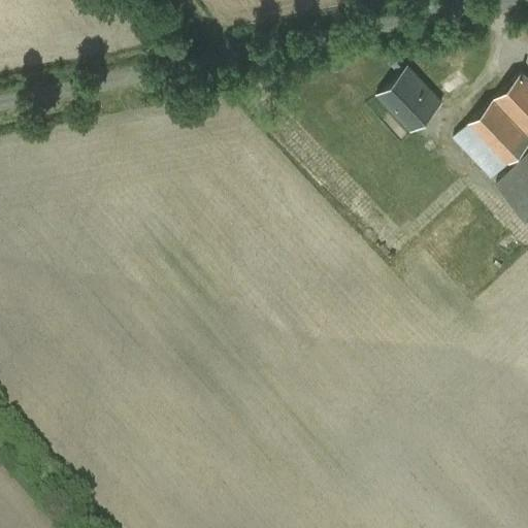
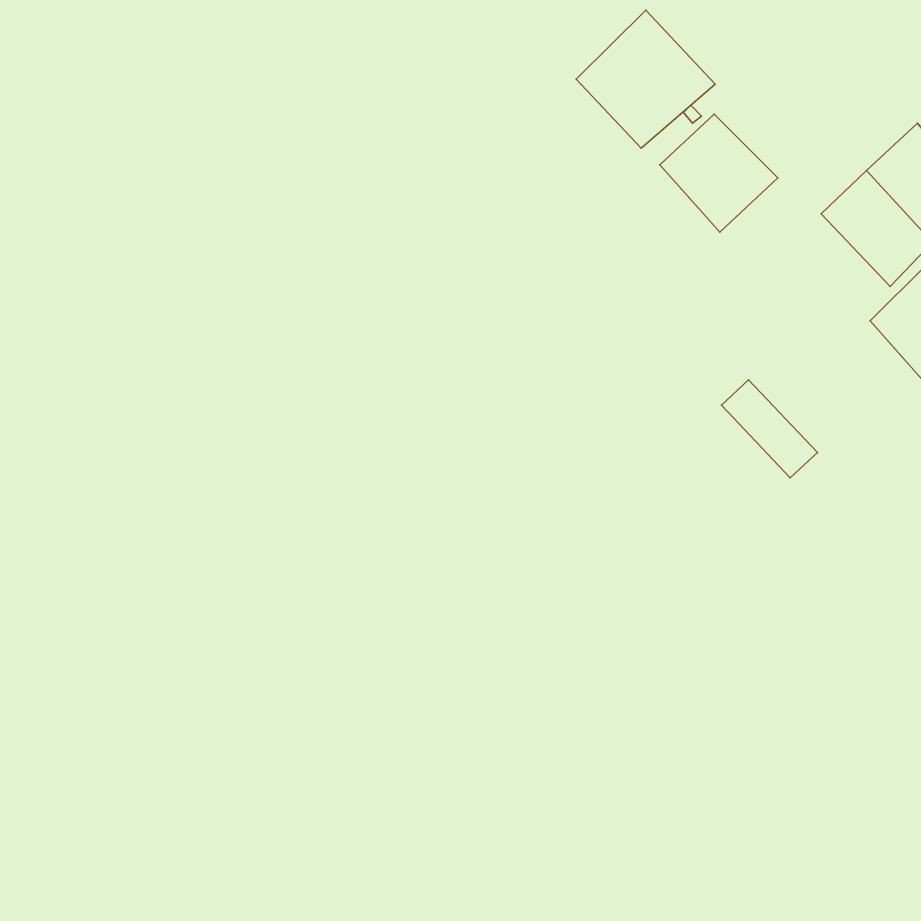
building: none -> [576,10,715,148]
building: [455,125,509,180] -> [721,380,817,478]

